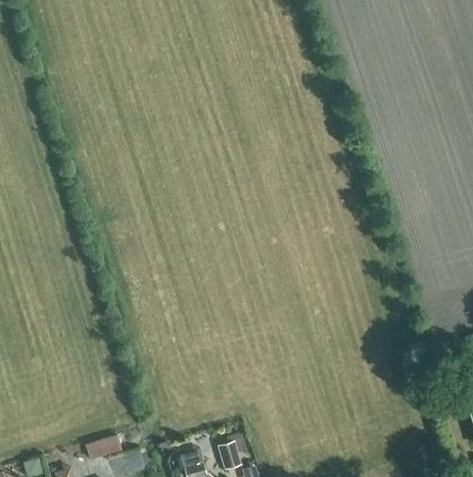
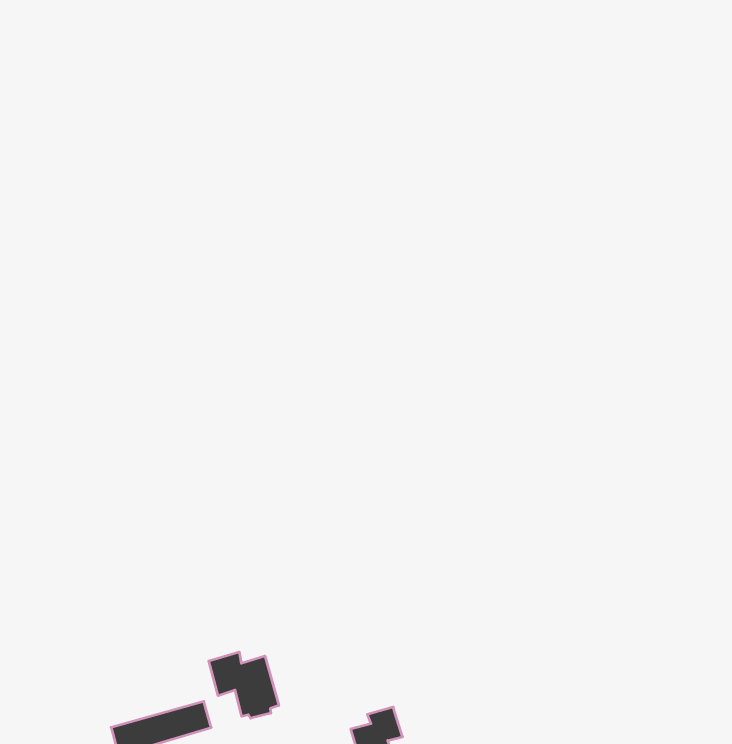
building: none -> [209,652,279,718]

